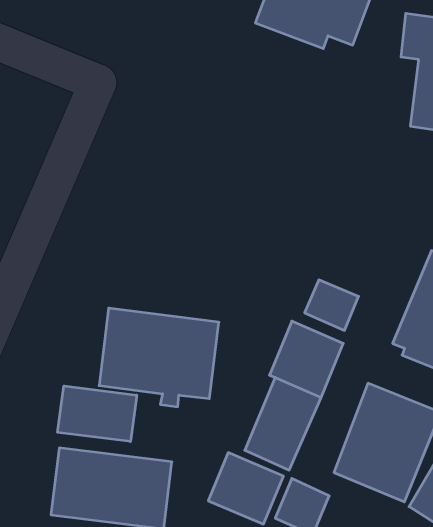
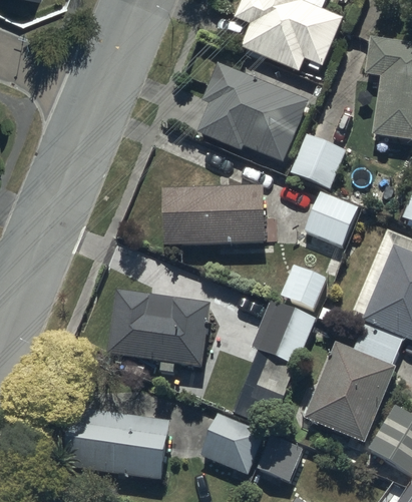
building: none -> [196,62,309,162]
building: none -> [290,129,347,187]
building: none -> [162,183,264,243]
building: none -> [303,189,357,243]
building: [58,386,137,442] -> none

